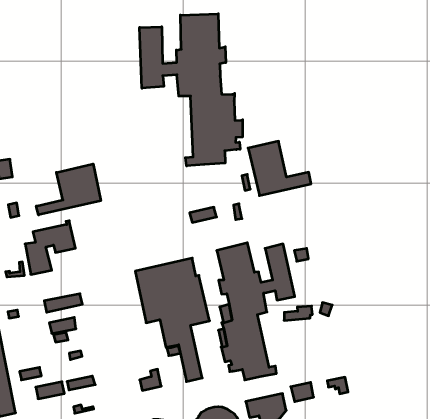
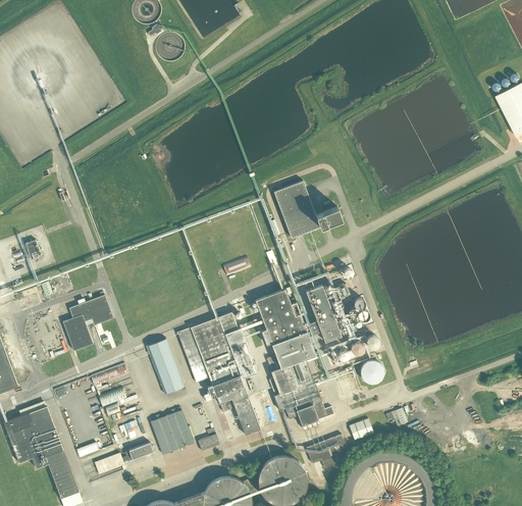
building: [140,14,243,166] -> none
building: [36,164,101,215] -> none
building: none -> [147,339,185,395]
building: none -> [360,360,384,384]
building: none -> [151,407,194,455]

